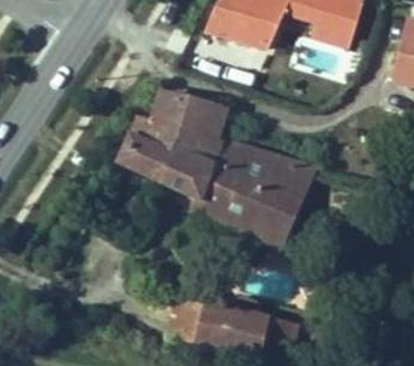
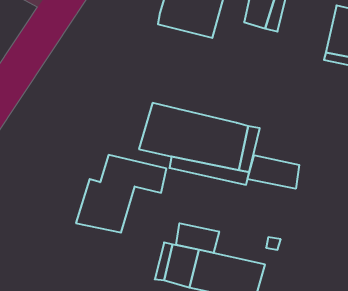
building: [117,96,222,185] -> [76,155,166,233]
building: none -> [248,155,299,189]
building: none -> [176,223,219,253]

